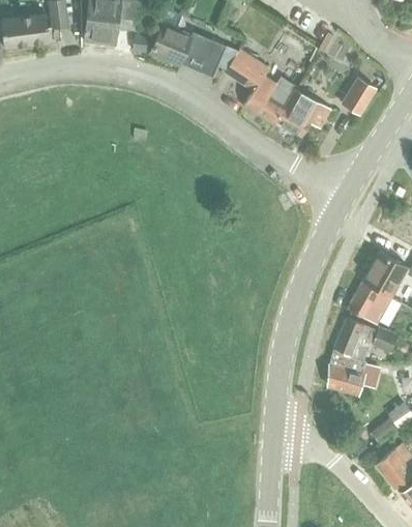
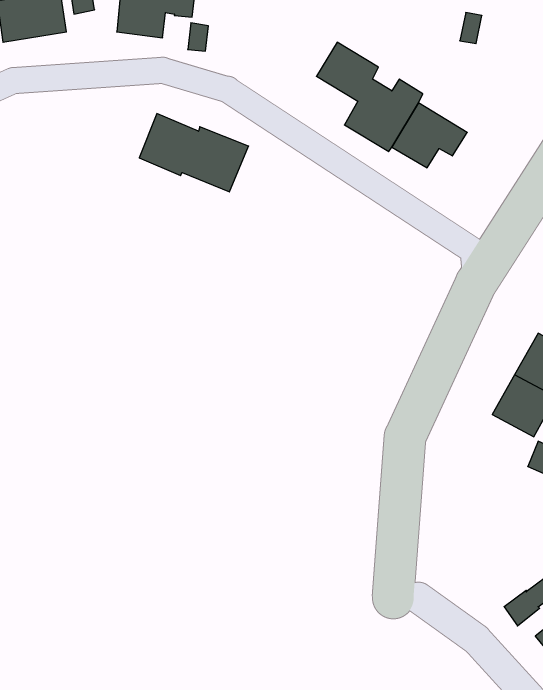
building: [150,23,227,78] -> [139,114,249,192]
building: [341,77,375,114] -> none
building: [328,318,373,393] -> none

